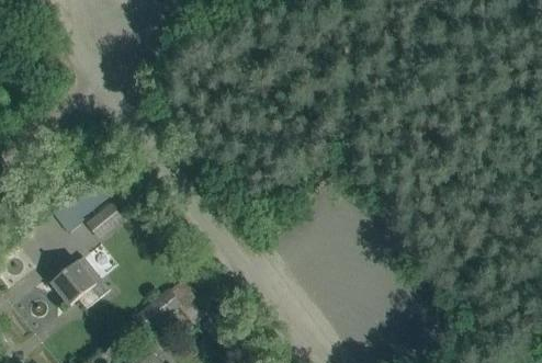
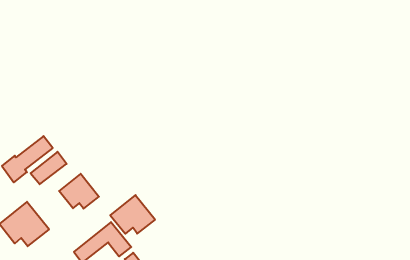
building: none -> [59,174,99,209]
building: none -> [110,195,155,234]

